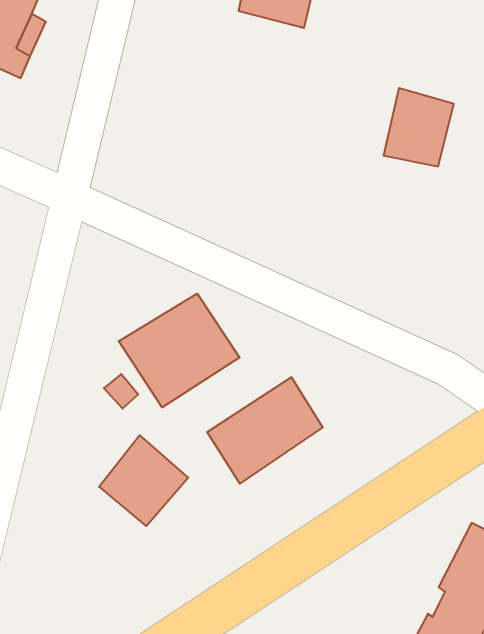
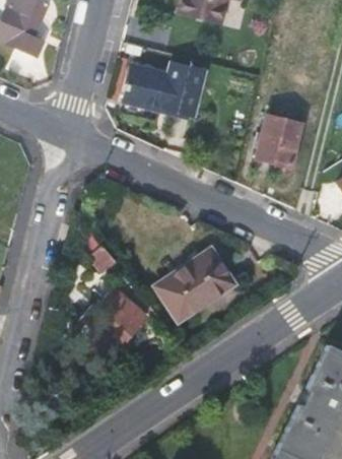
building: none -> [124,63,202,115]
building: [383,88,454,166] -> [256,114,301,165]
building: [119,294,240,408] -> none

